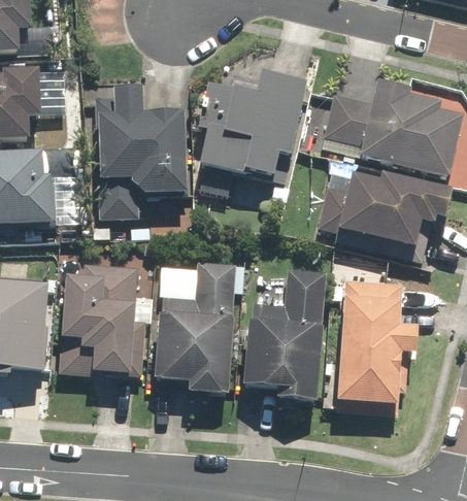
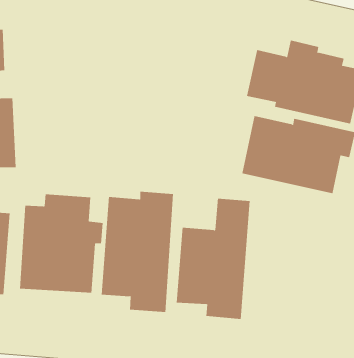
building: [196,70,305,177] -> none
building: [96,86,189,218] -> none
building: [333,275,416,413] -> none

